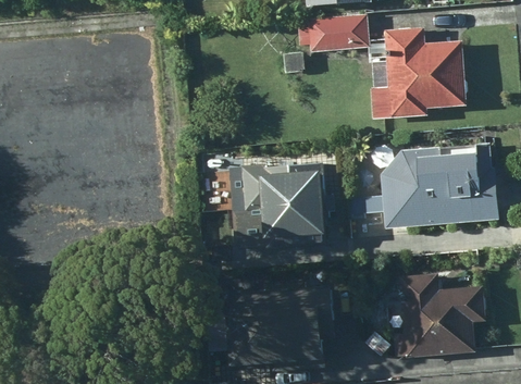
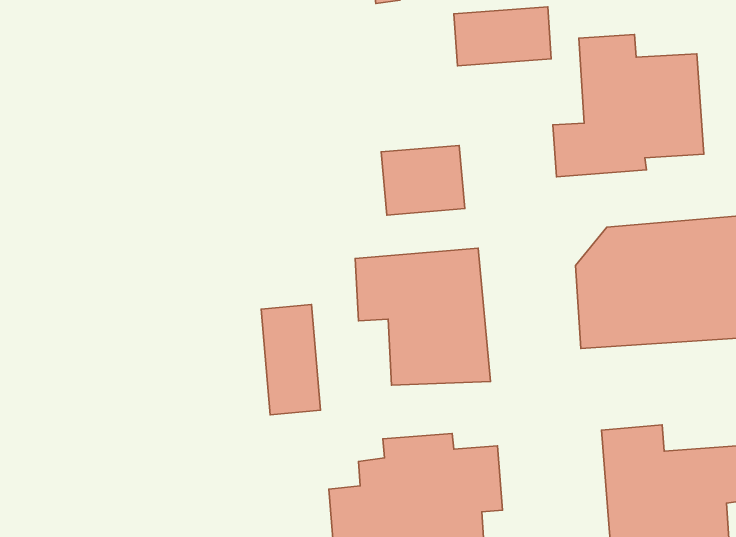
building: none -> [381,145,465,215]
building: none -> [261,305,321,415]

